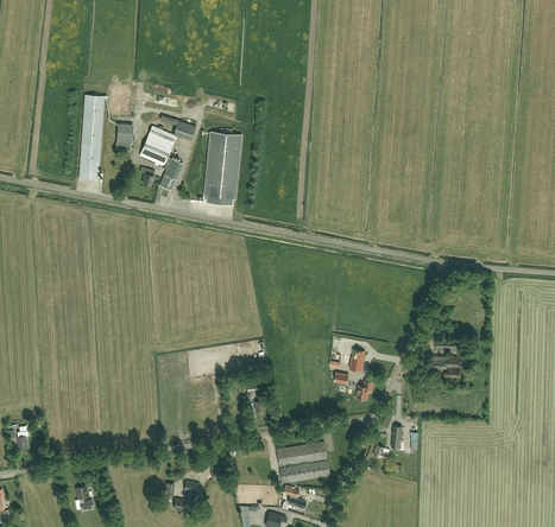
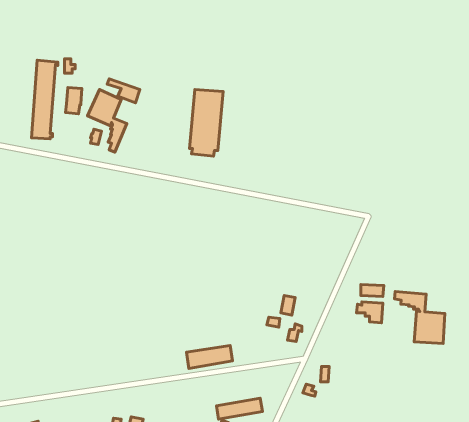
building: [204,132,241,204] -> [189,89,223,156]
building: none -> [394,291,445,343]
building: [277,442,327,466] -> [187,346,232,369]

